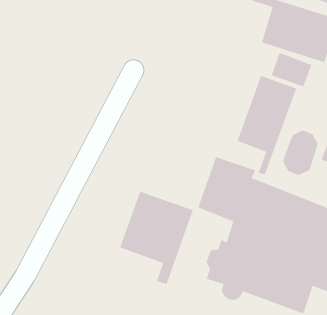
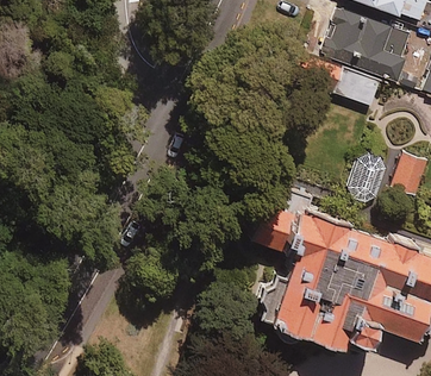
building: [237,75,297,175] -> none
building: [120,191,193,285] -> none

